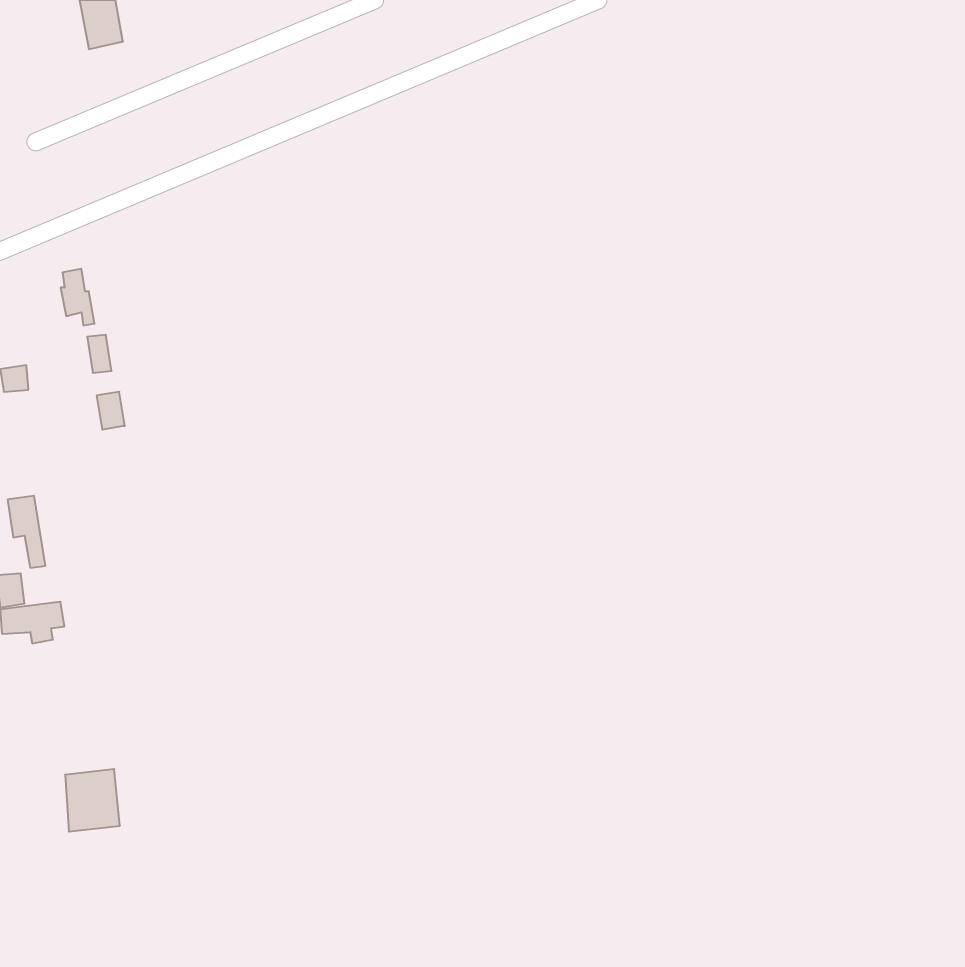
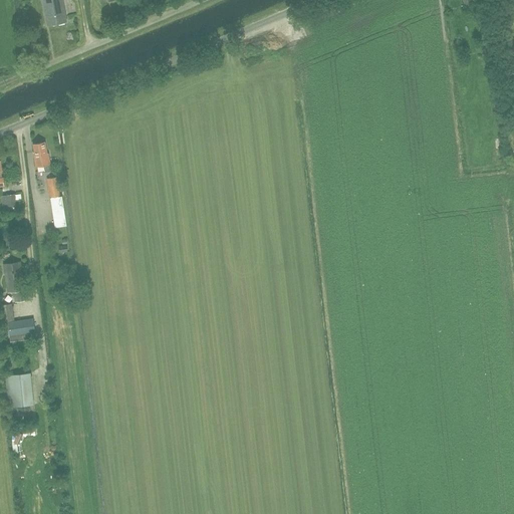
building: [65,769,120,832] -> [4,373,33,407]

